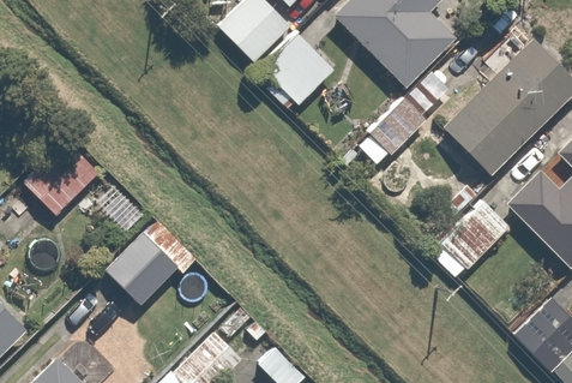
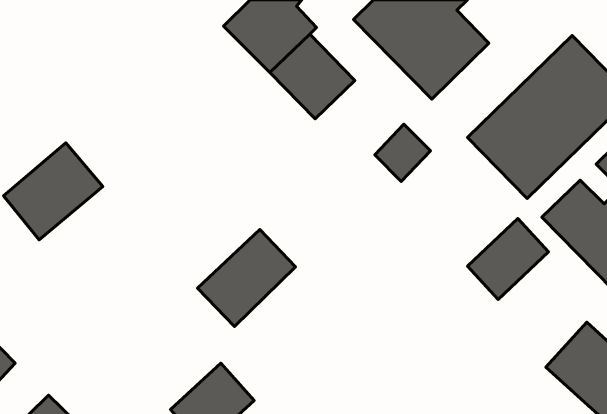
building: [102,216,191,304] -> [197,230,295,327]

